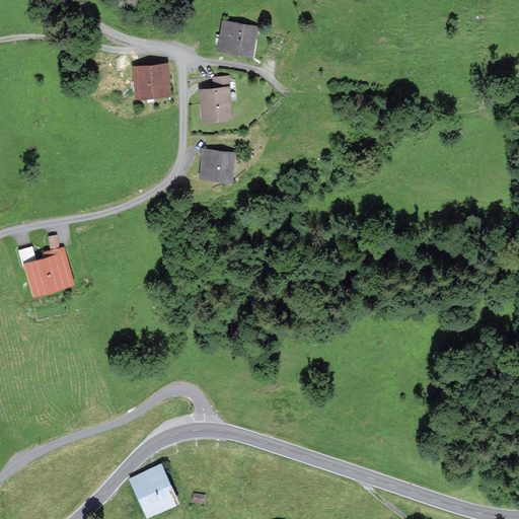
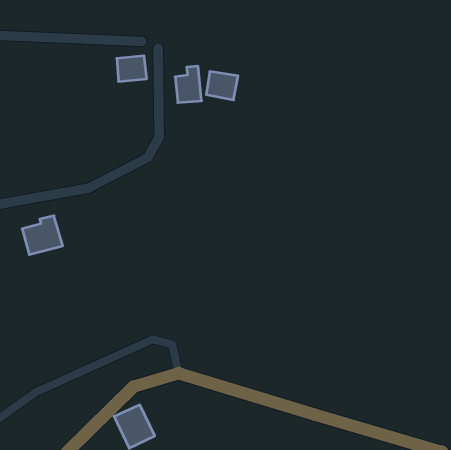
building: [219,23,255,56] -> [206,72,238,100]
building: [200,150,232,180] -> none

